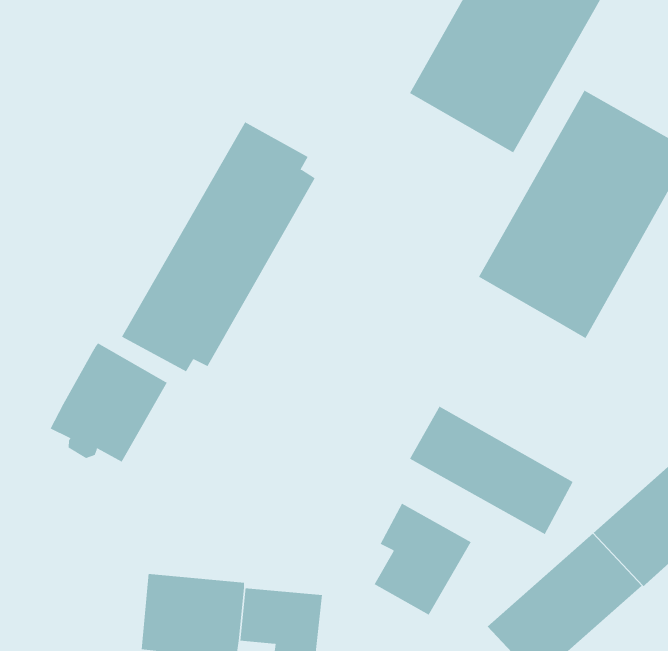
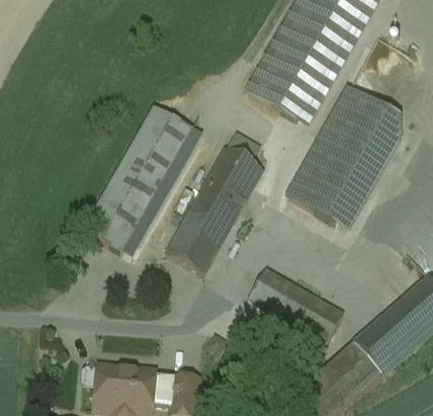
building: none -> [166,145,263,271]
building: [50,343,167,462] -> none
building: [374,503,471,616] -> none

